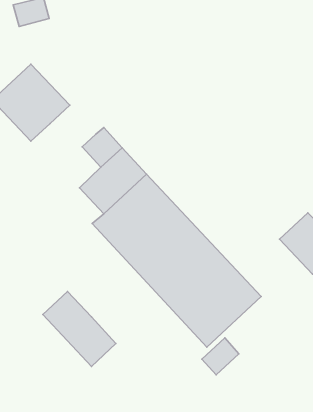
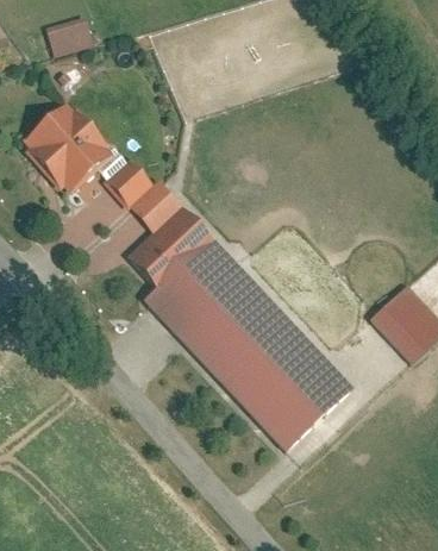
building: none -> [94,152,150,209]
building: [43,291,116,367] -> none
building: [202,338,239,375] -> none

